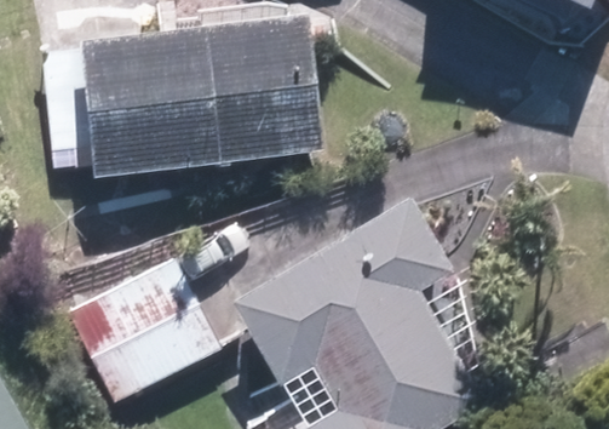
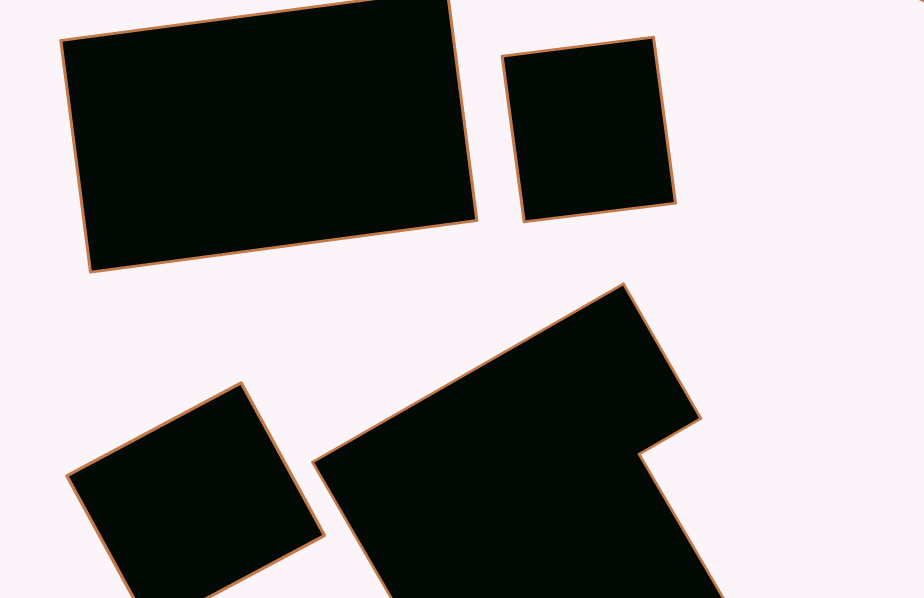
building: none -> [502,37,675,222]

